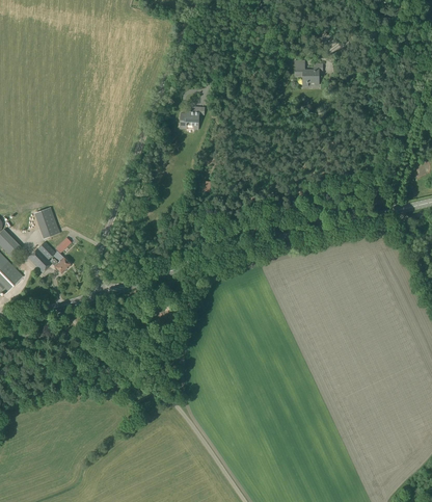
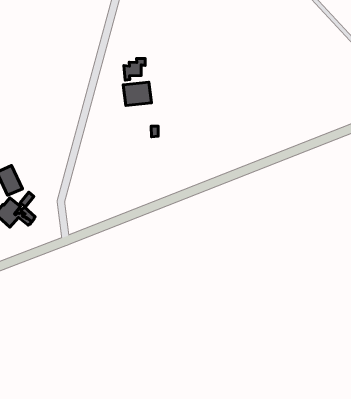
building: [295,59,323,85] -> none
building: none -> [123,82,152,106]

